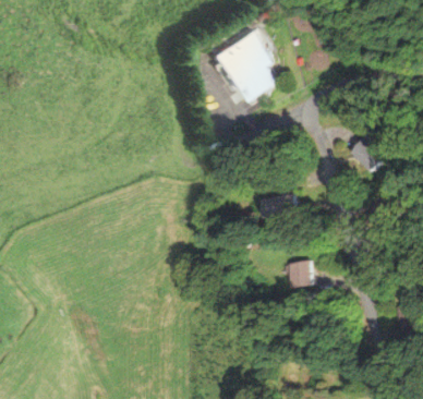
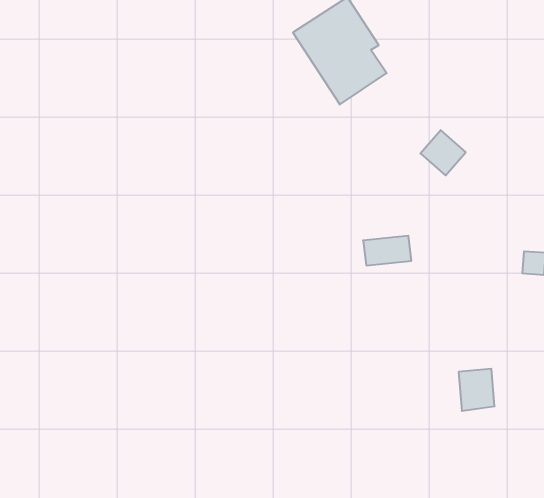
building: [348,137,379,169] -> [420,130,466,175]
building: [288,259,313,289] -> [459,369,495,411]

